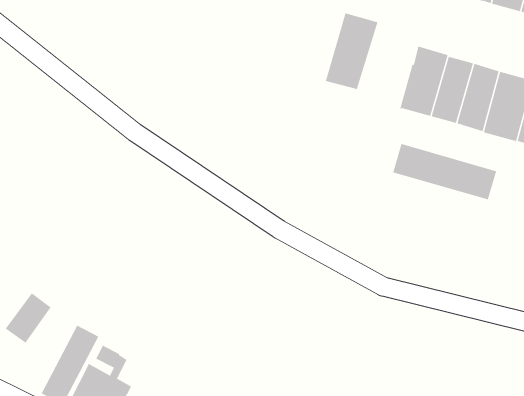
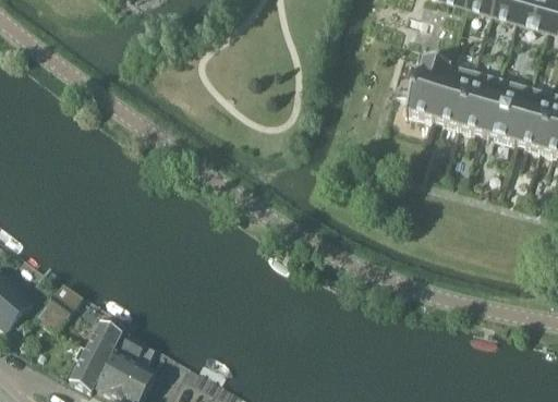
building: [325,13,378,90] -> none
building: [393,143,497,200] -> none

